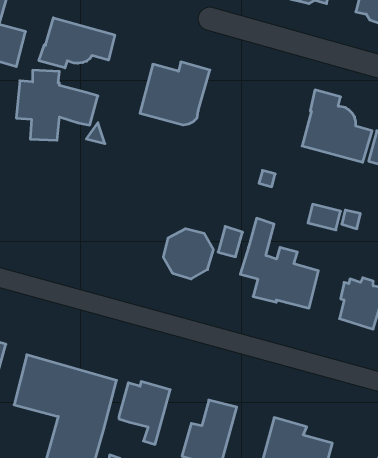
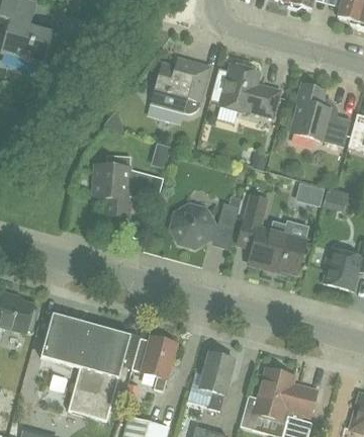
building: [39,18,115,68] -> none
building: none -> [209,64,279,115]
building: [16,70,98,140] -> [92,155,163,215]

